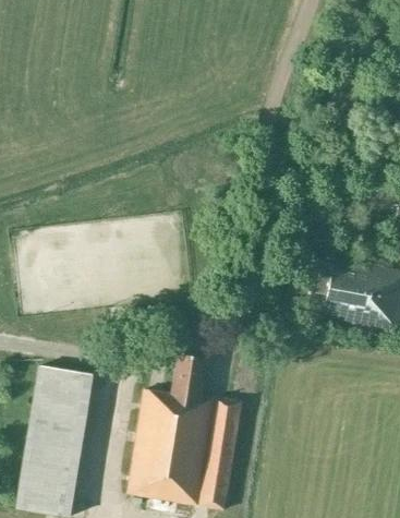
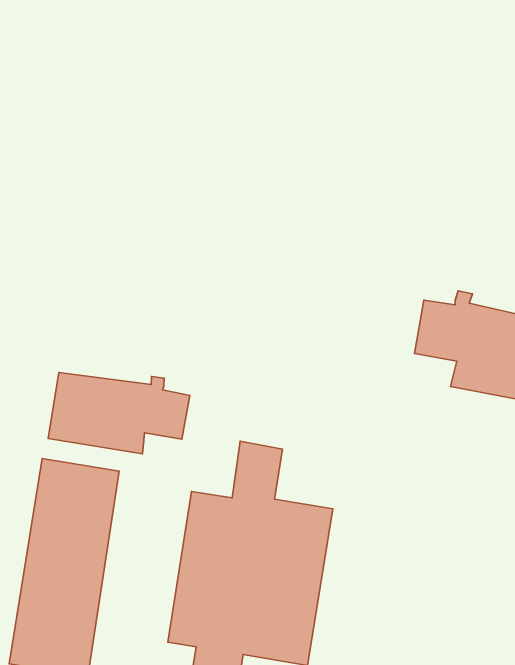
building: none -> [48,372,190,454]

